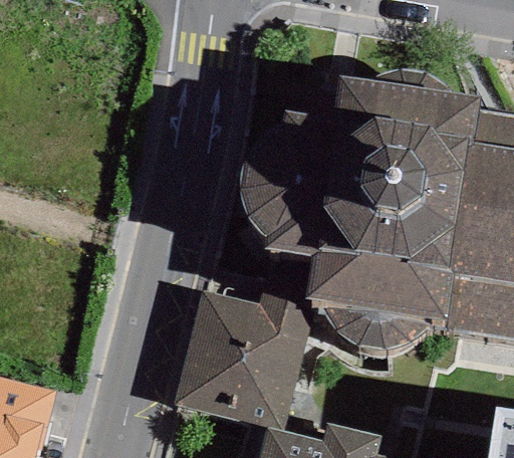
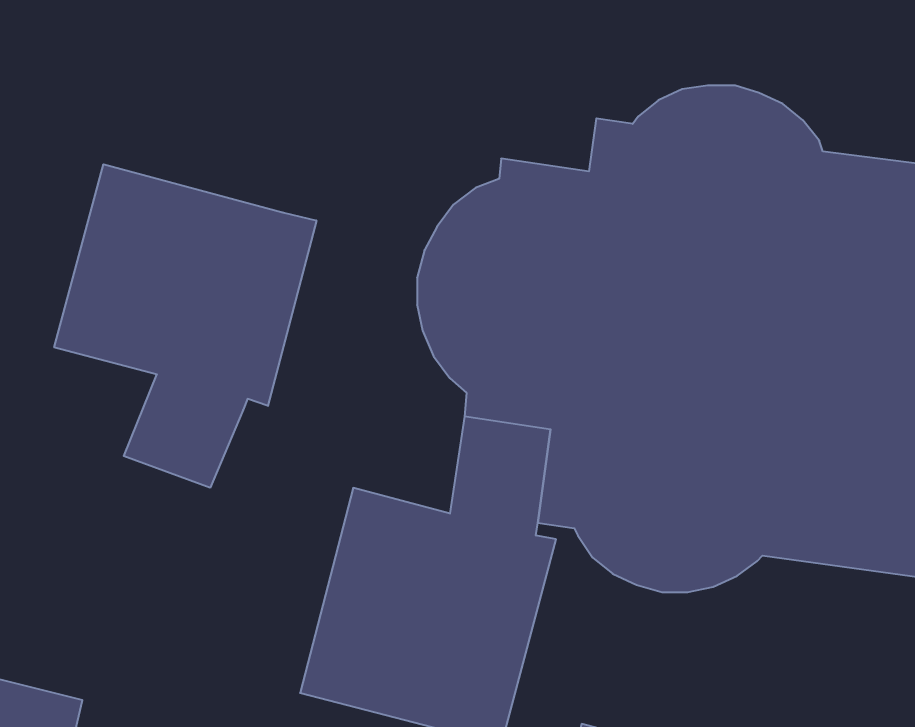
building: none -> [54,164,316,488]

